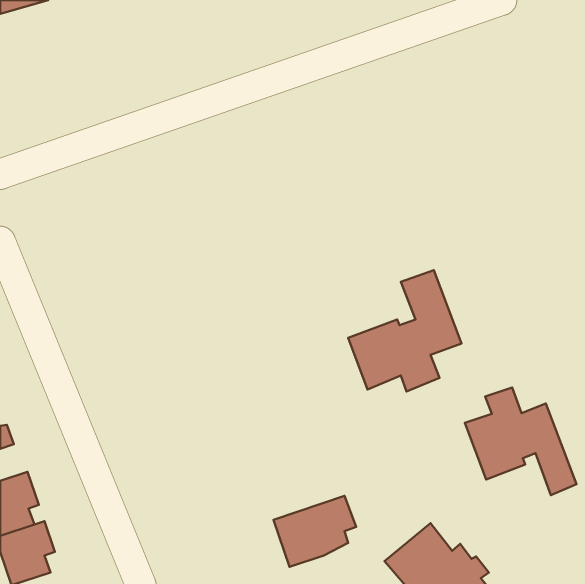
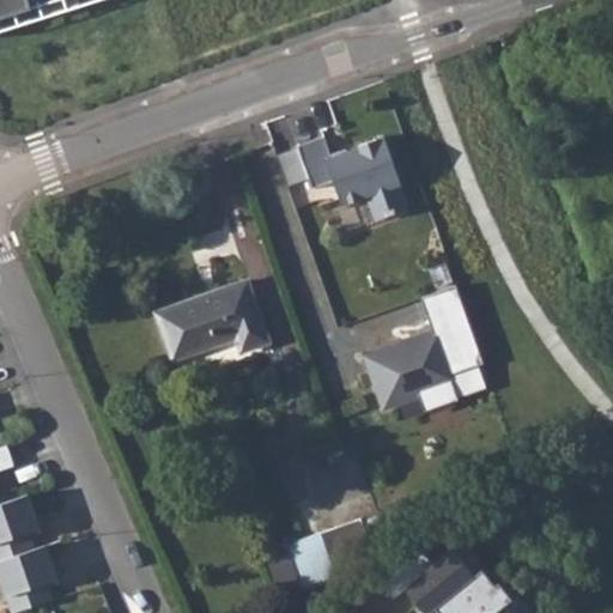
building: none -> [292,134,405,218]
building: none -> [156,281,268,360]
building: [465,388,577,495] -> none

